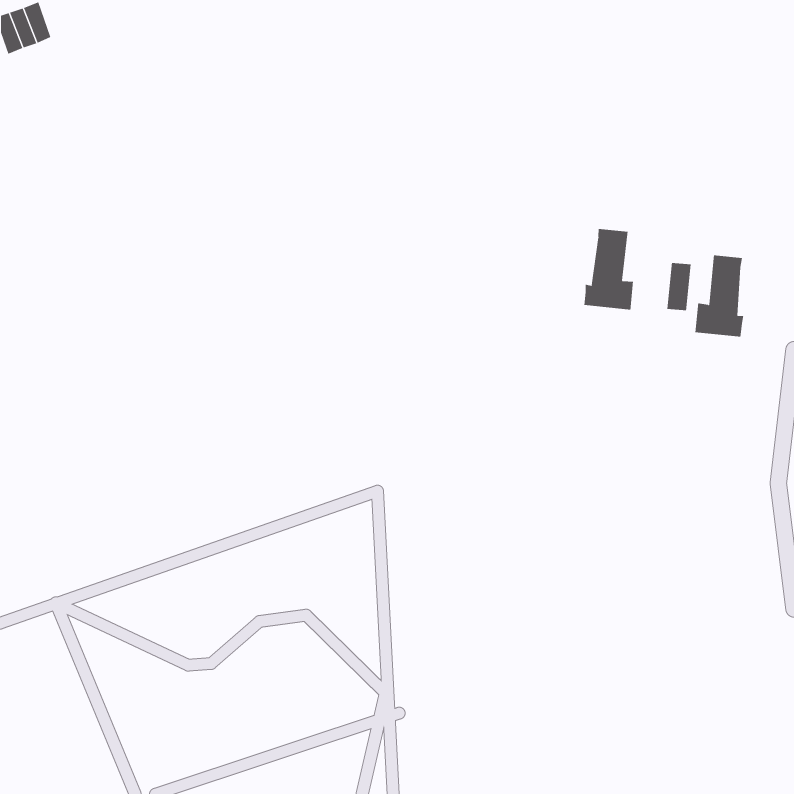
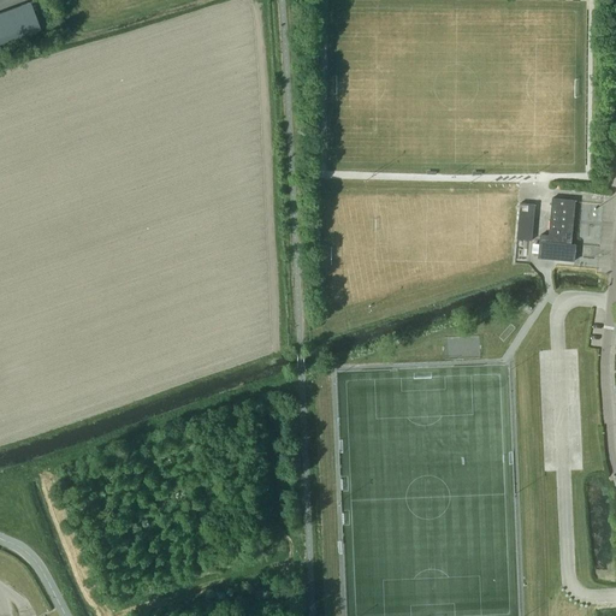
building: [584,228,634,311] -> none

